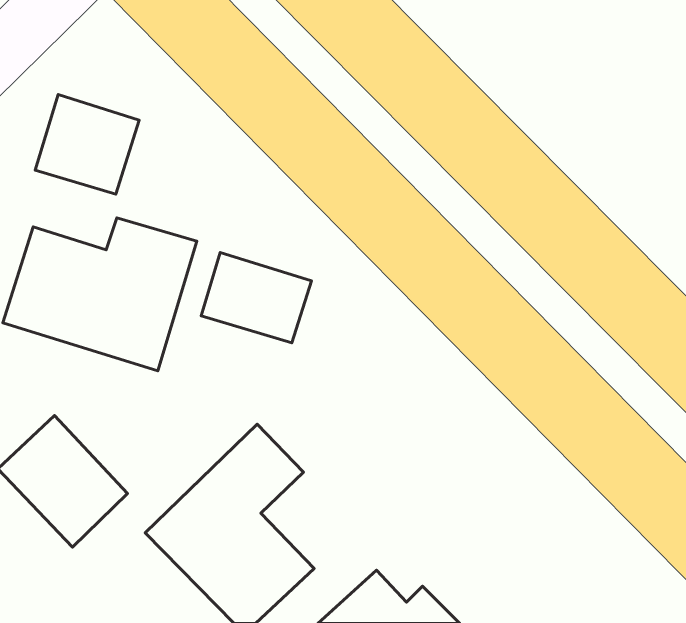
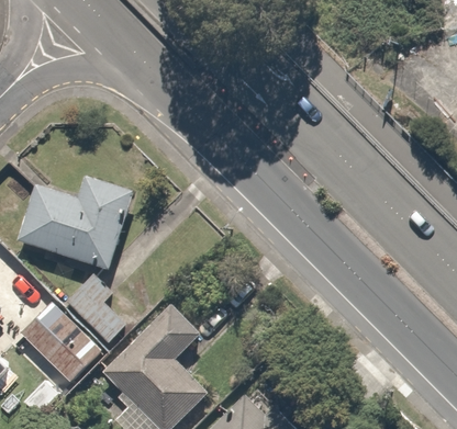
building: [35,95,139,194] -> none
building: [201,253,312,343] -> none

